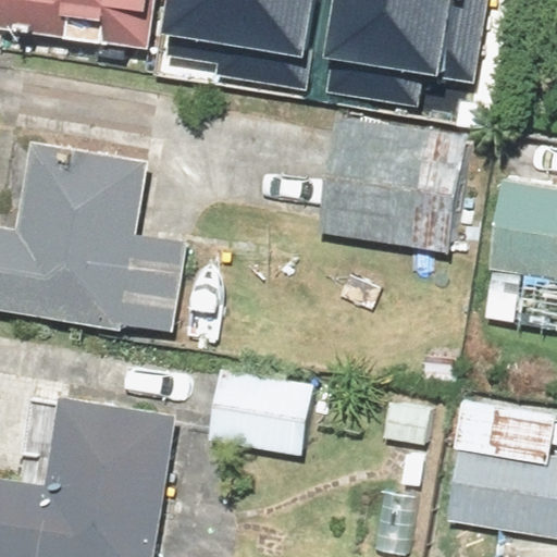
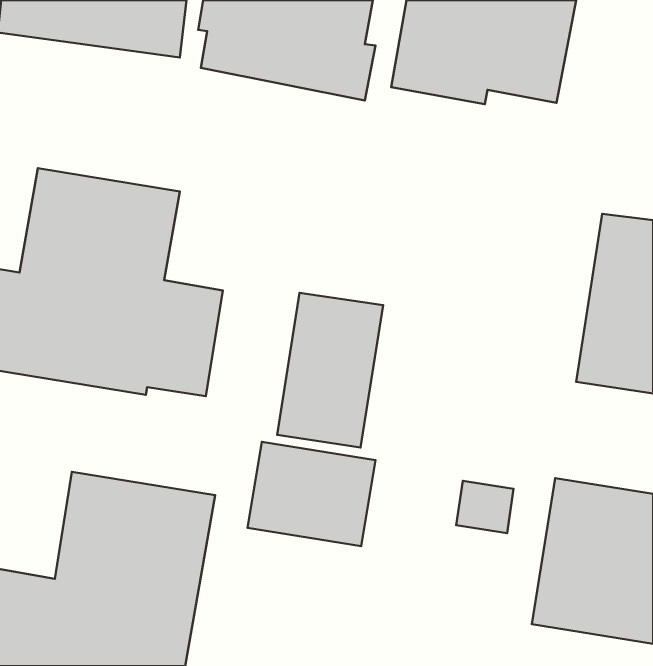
building: [319,114,468,253] -> none
building: none -> [277,293,383,447]

